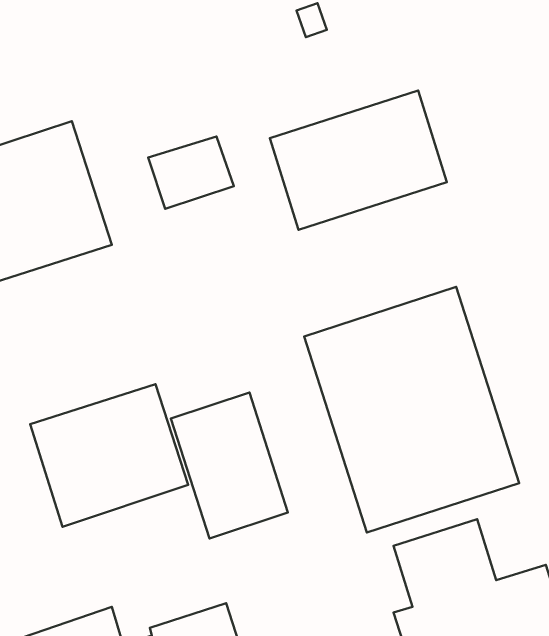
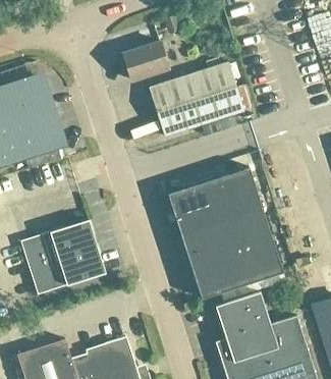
building: [148,137,234,209] -> [123,42,169,80]
building: [171,393,288,538] -> none

